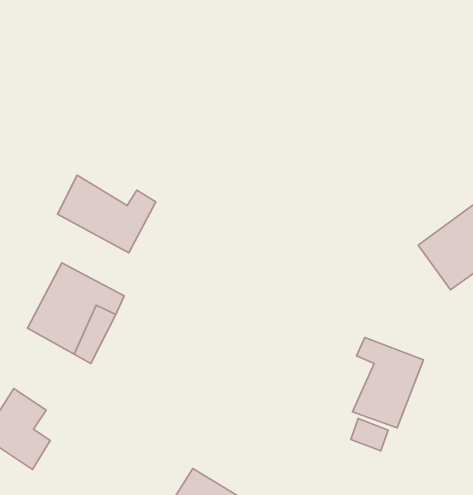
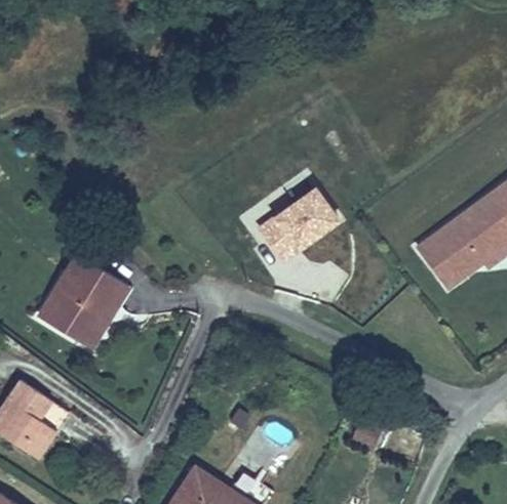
building: [58,175,156,253] -> none
building: none -> [259,185,341,260]
building: [352,337,424,428] -> none

